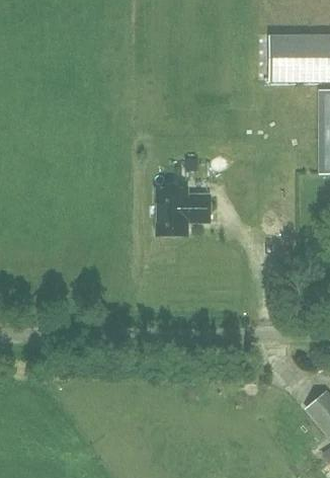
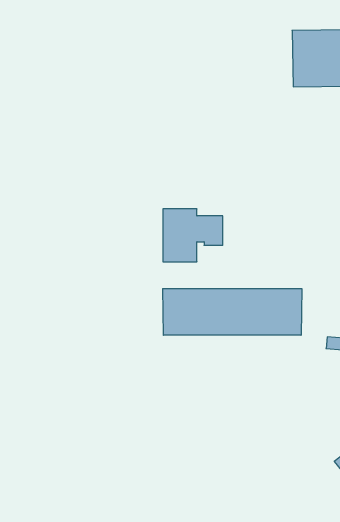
building: none -> [163,289,302,335]

